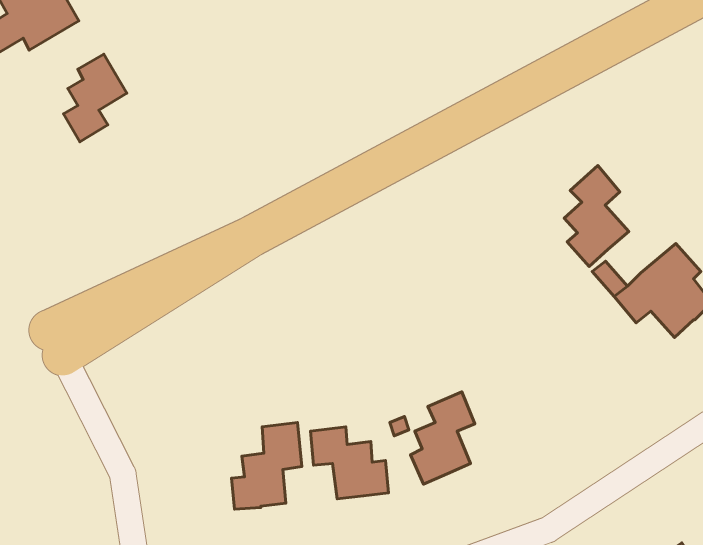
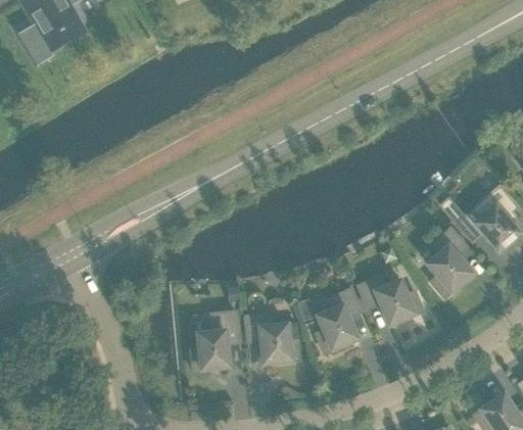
building: [63,54,127,142] -> none
building: [564,165,629,267] -> [427,228,472,298]
building: none -> [358,276,423,325]

